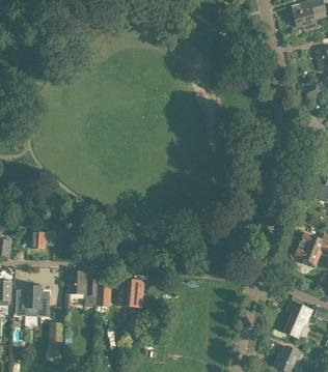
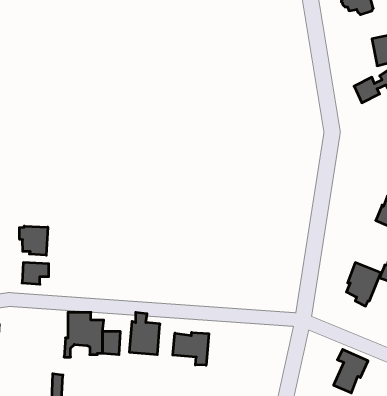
building: none -> [19,226,48,255]
building: [17,285,48,312] -> none
building: none -> [173,332,209,365]

